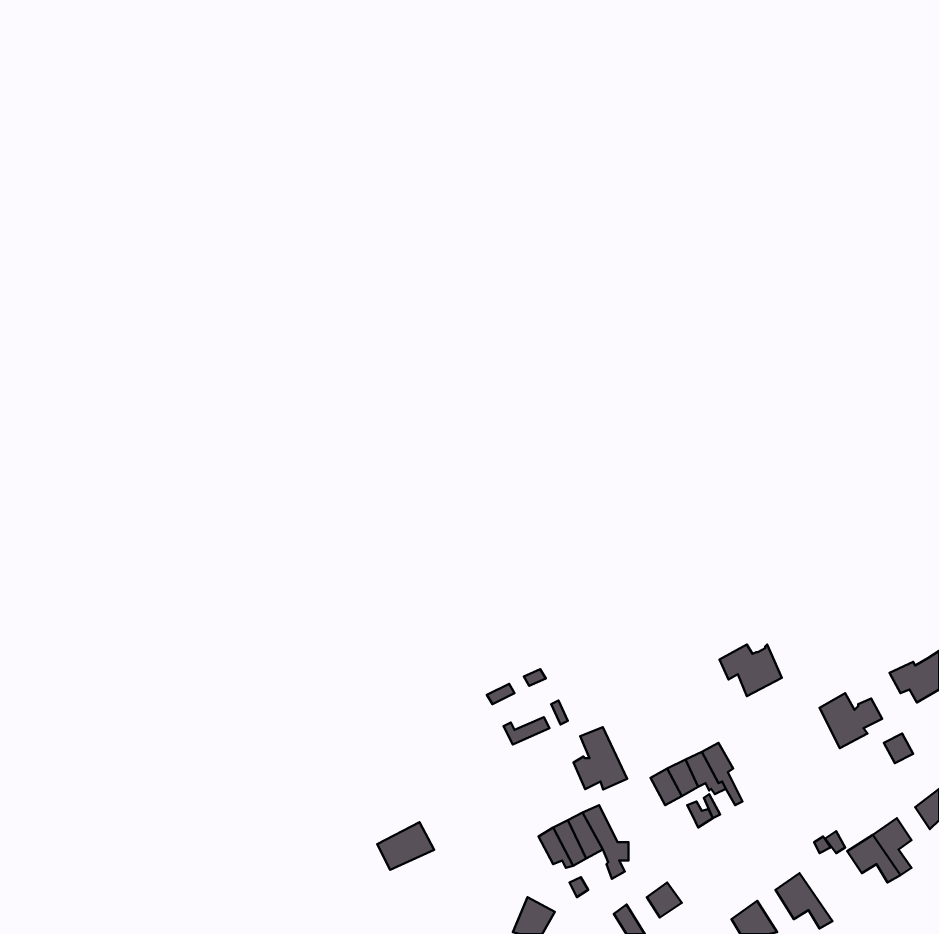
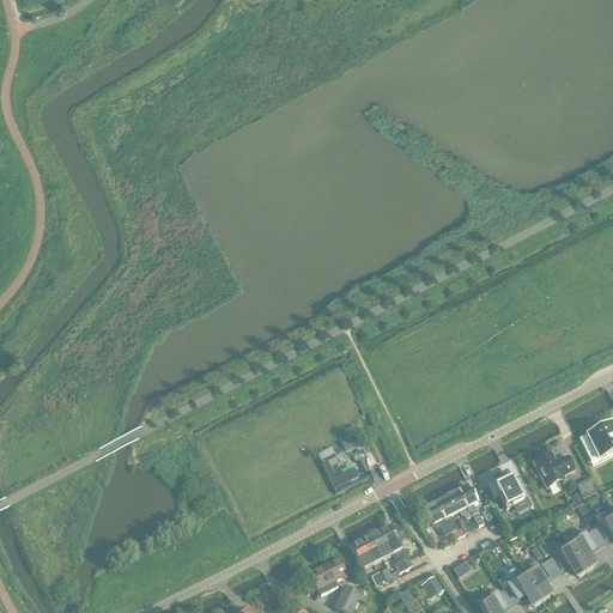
building: [719,645,782,696] -> [488,474,529,508]
building: [573,727,627,789] -> none
building: [377,822,434,870] -> [310,557,347,588]
building: none -> [521,558,551,600]

